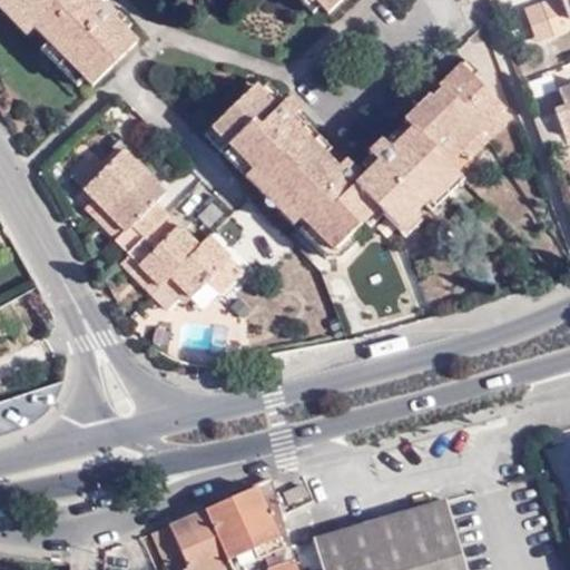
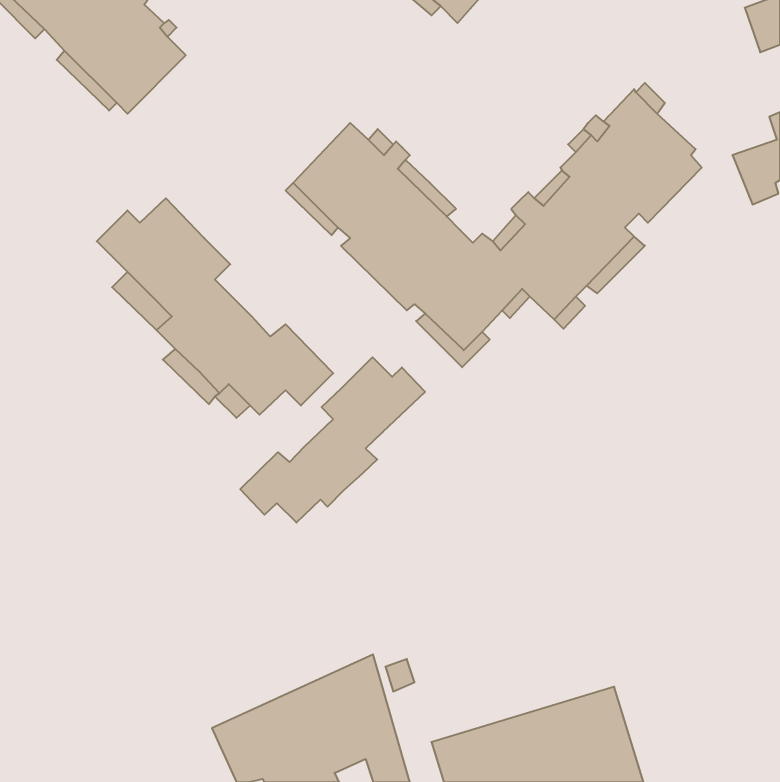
building: none -> [240,357,425,523]

